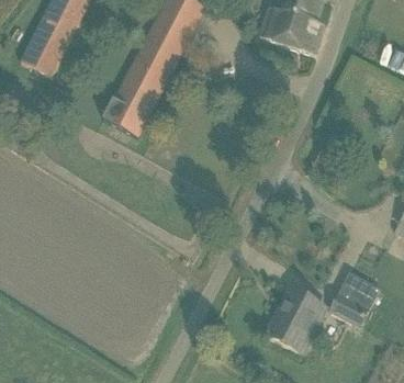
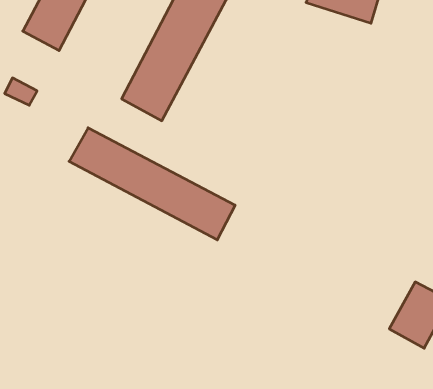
building: none -> [69,128,235,240]
building: [265,288,325,352] -> none

